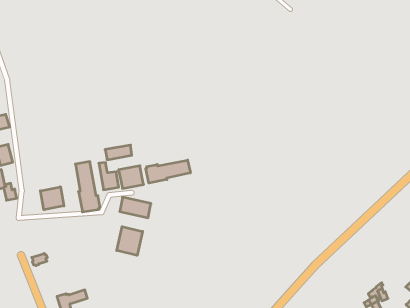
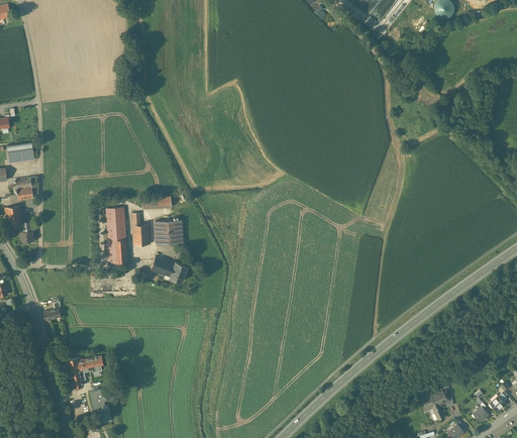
building: [146,160,190,183] -> none
building: [40,187,64,210] -> none
building: [117,227,143,255] -> none

